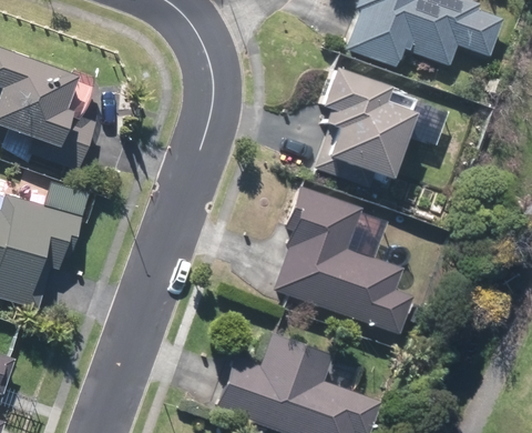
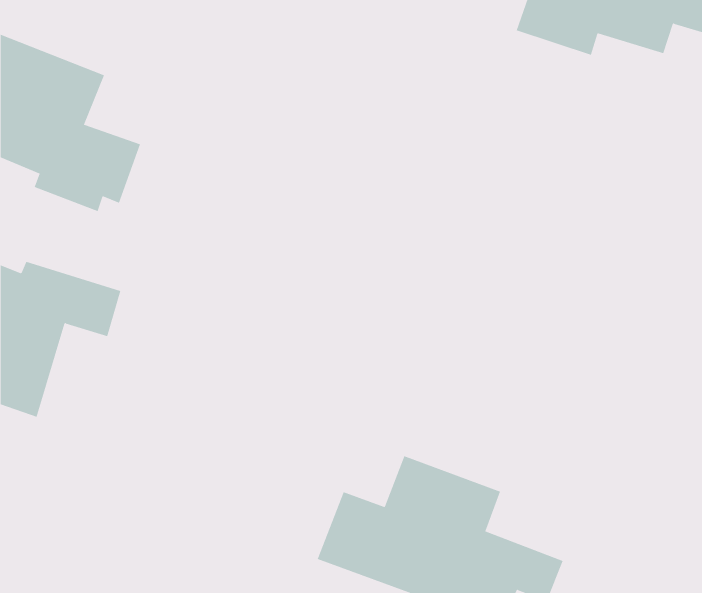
building: [325,71,417,177] -> none
building: [277,195,408,329] -> none

